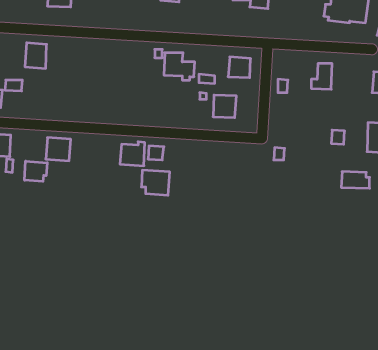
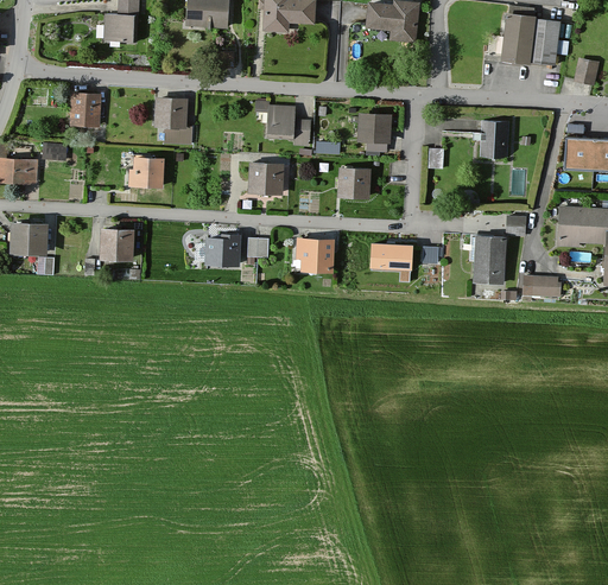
building: none -> [153,97,191,145]
building: none -> [128,157,165,189]
building: none -> [248,164,285,195]
building: none -> [474,236,505,285]
building: none -> [369,244,411,271]
building: [25,161,47,181] -> none
building: [141,170,170,195] -> [294,239,335,274]

